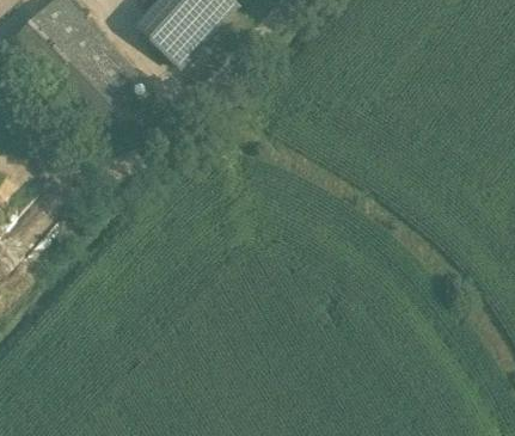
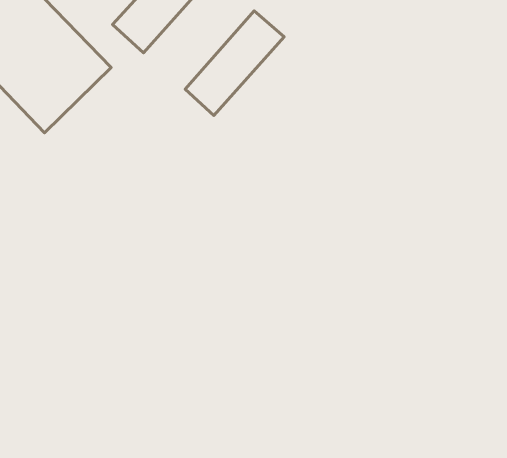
building: none -> [185,11,284,116]

